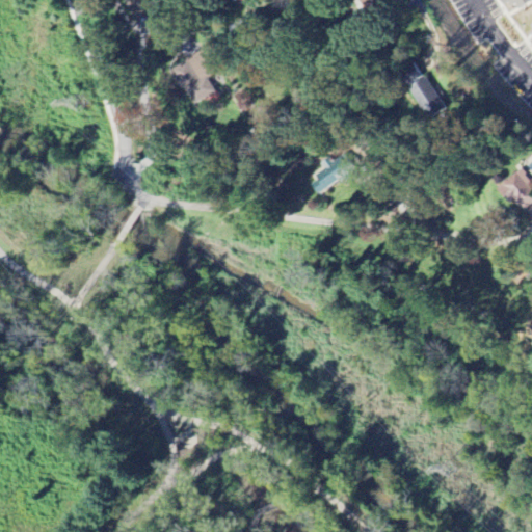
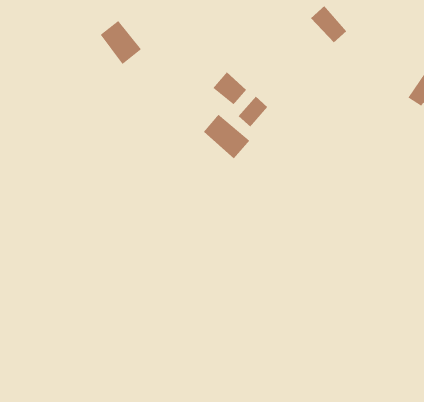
building: none -> [212,72,247,105]
building: none -> [203,114,250,159]

